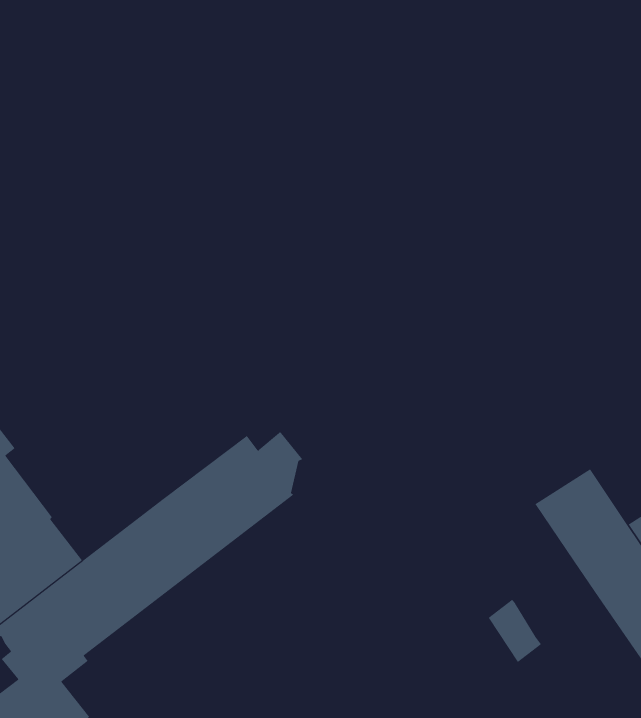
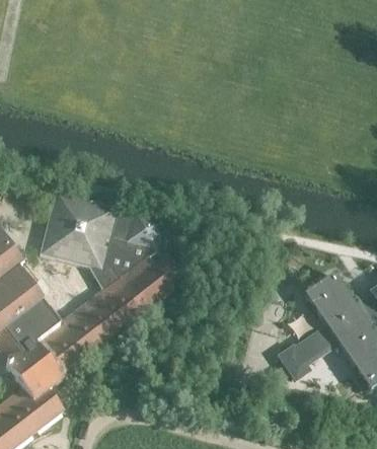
building: none -> [42,190,166,289]
building: none -> [296,323,341,364]

